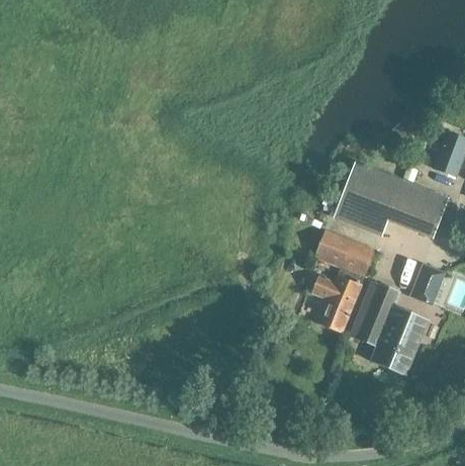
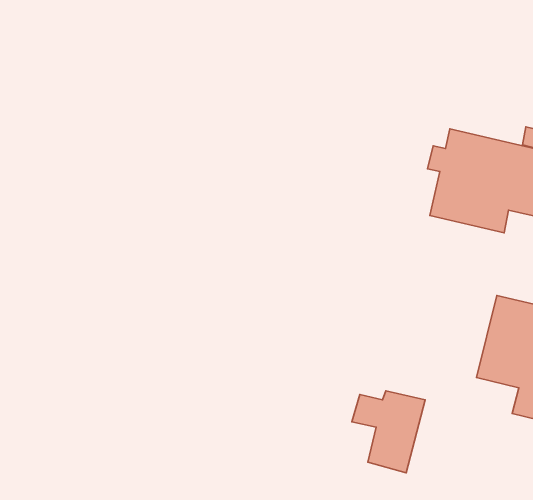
building: [313,229,374,274] -> none
building: [311,275,364,334] -> [352,391,425,473]

